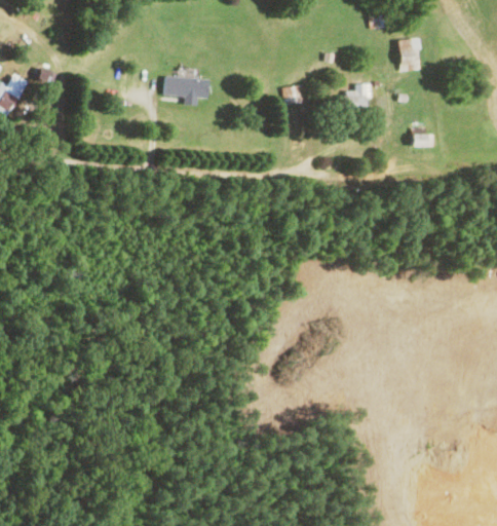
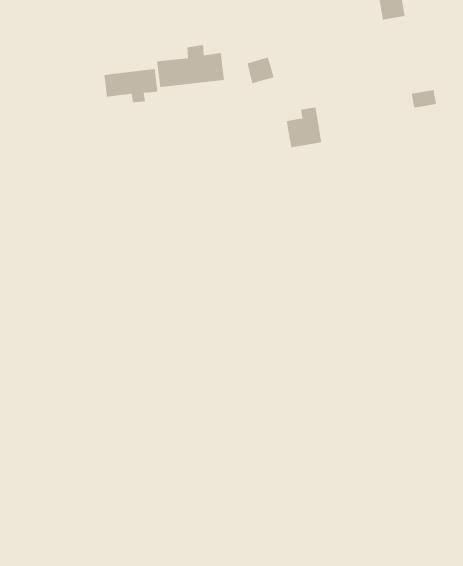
building: none -> [157,44,224,88]
building: [342,83,369,113] -> [286,107,322,148]

